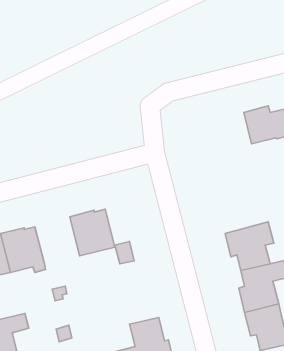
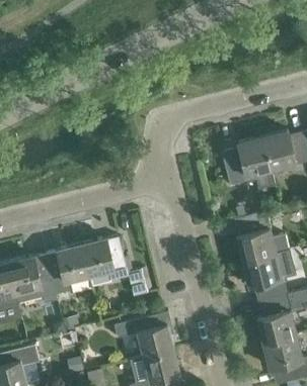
building: none -> [222,136,275,189]
building: none -> [235,210,289,262]
building: none -> [45,245,92,293]
building: none -> [116,311,173,356]

